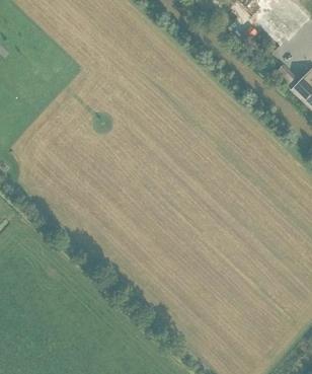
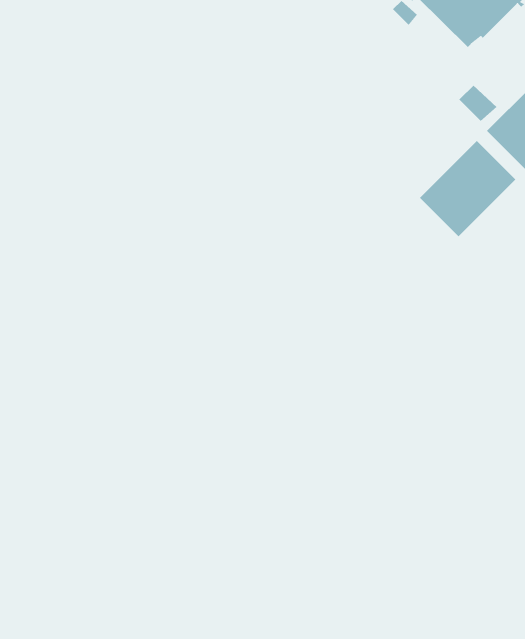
building: none -> [419,140,516,237]

